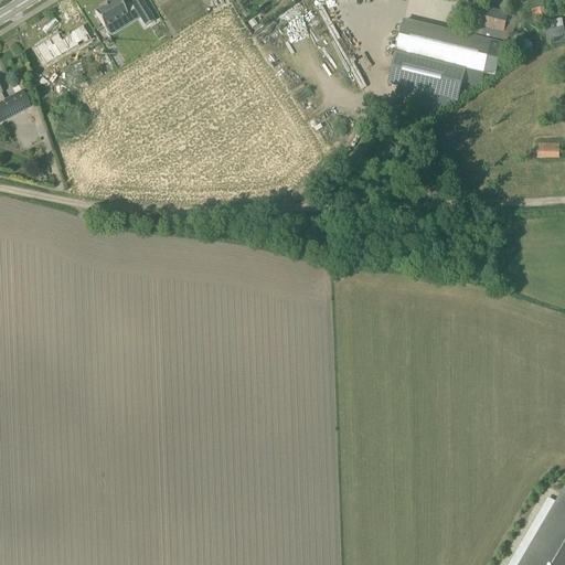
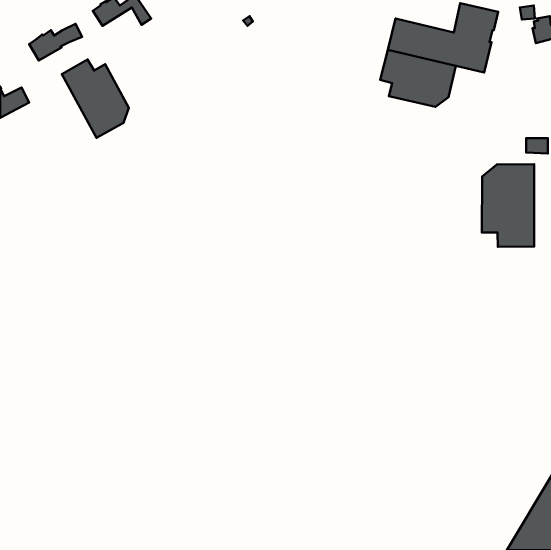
building: none -> [62,60,129,138]
building: none -> [482,164,534,247]

